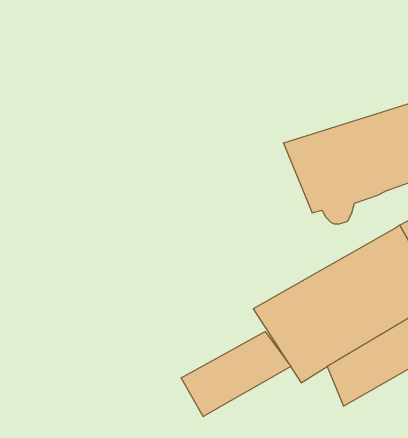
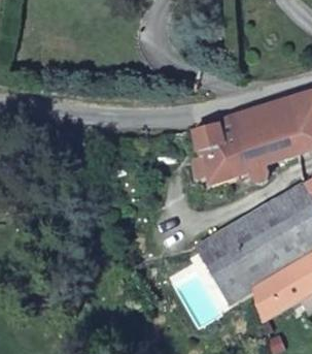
building: none -> [196,121,238,180]
building: [181,332,291,417] -> none

